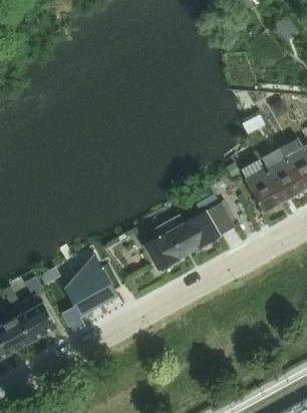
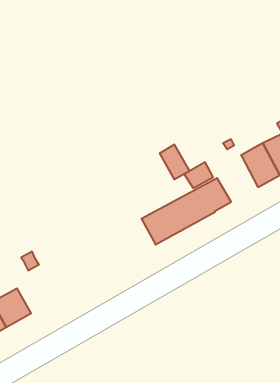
building: none -> [160,144,190,179]
building: [61,264,114,313] -> none
building: [19,299,57,337] -> none

